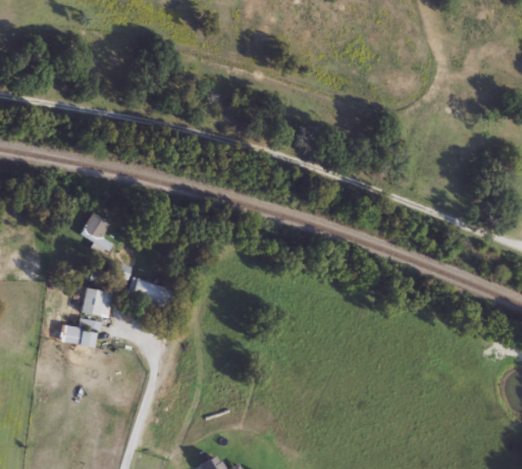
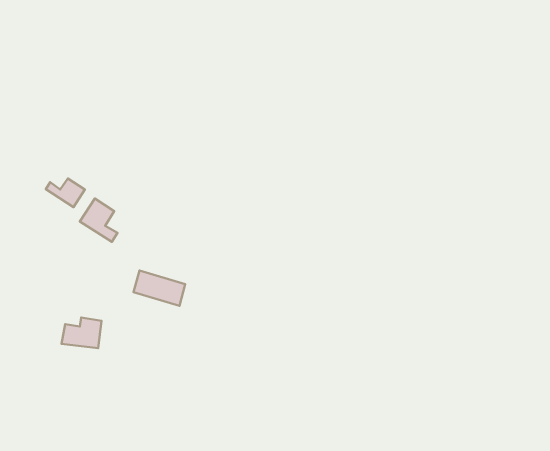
building: none -> [46,179,85,207]
building: [81,288,112,316] -> none

